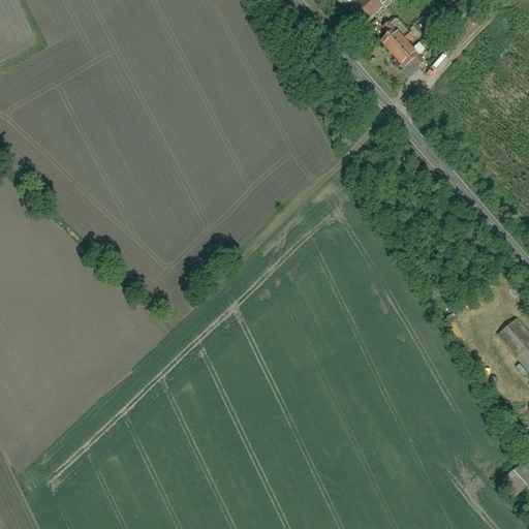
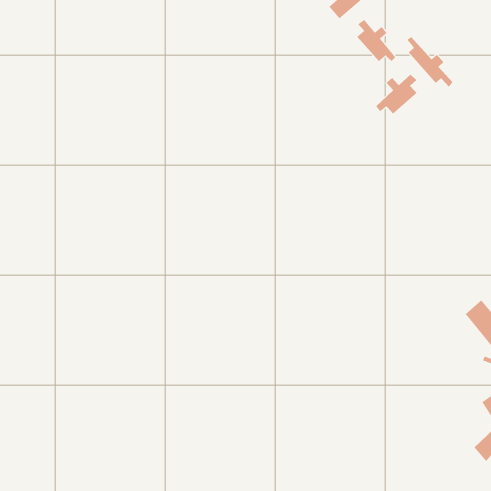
building: none -> [407,36,453,87]
building: none -> [376,74,417,115]

